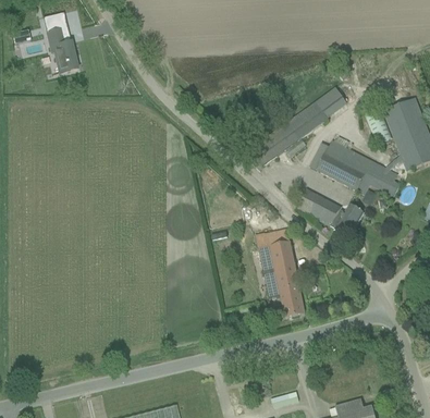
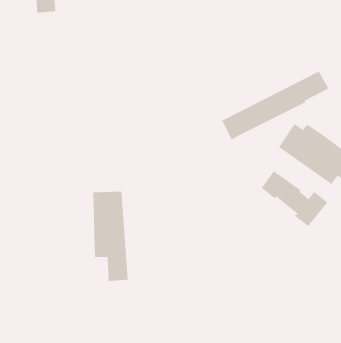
building: [259,230,306,318] -> [92,191,128,281]

